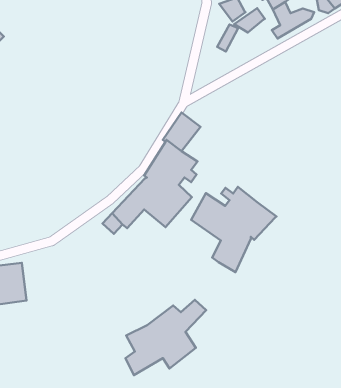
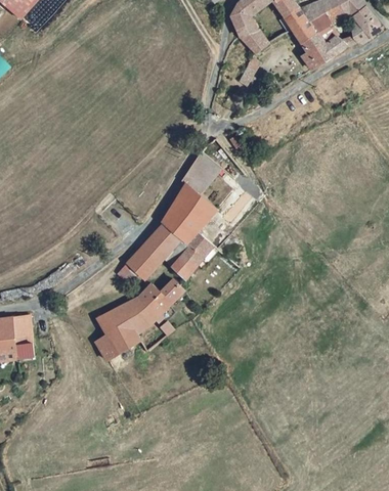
building: [234,8,265,33] -> none
building: [191,187,277,272] -> none
building: [125,300,206,375] -> [94,279,182,361]

